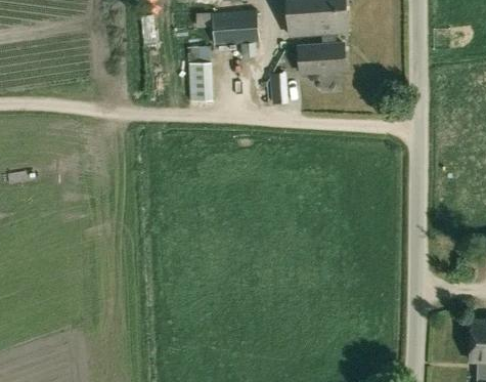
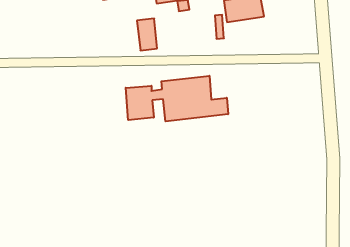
building: none -> [126,76,228,121]

